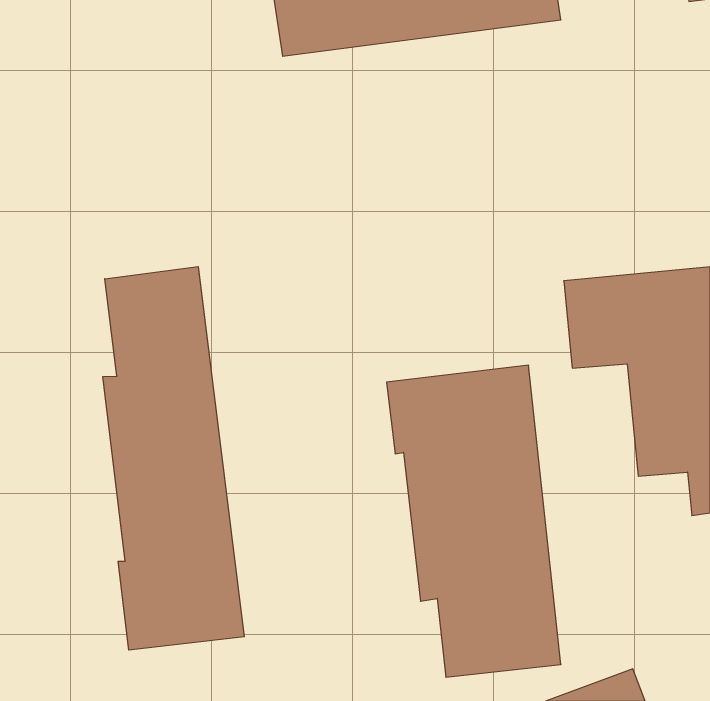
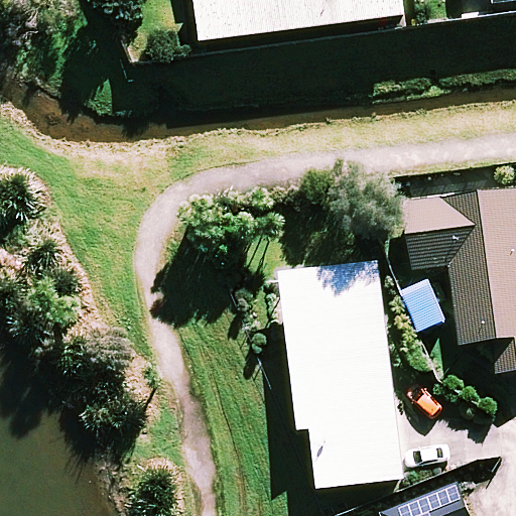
building: [103,267,244,650] -> none

